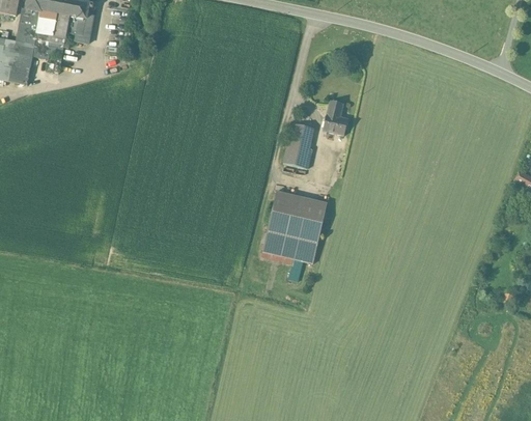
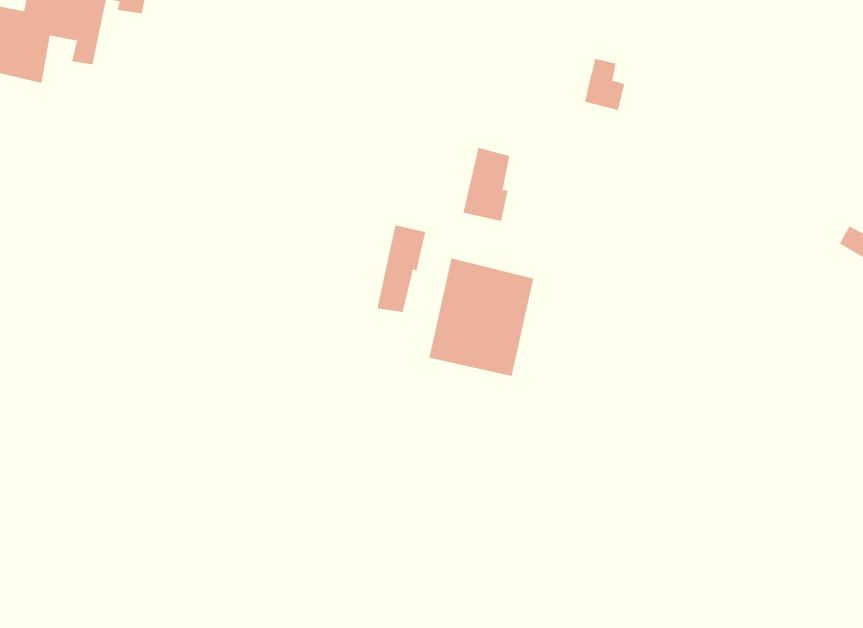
building: [323,103,347,135] -> [584,58,625,111]
building: none -> [377,224,426,313]

